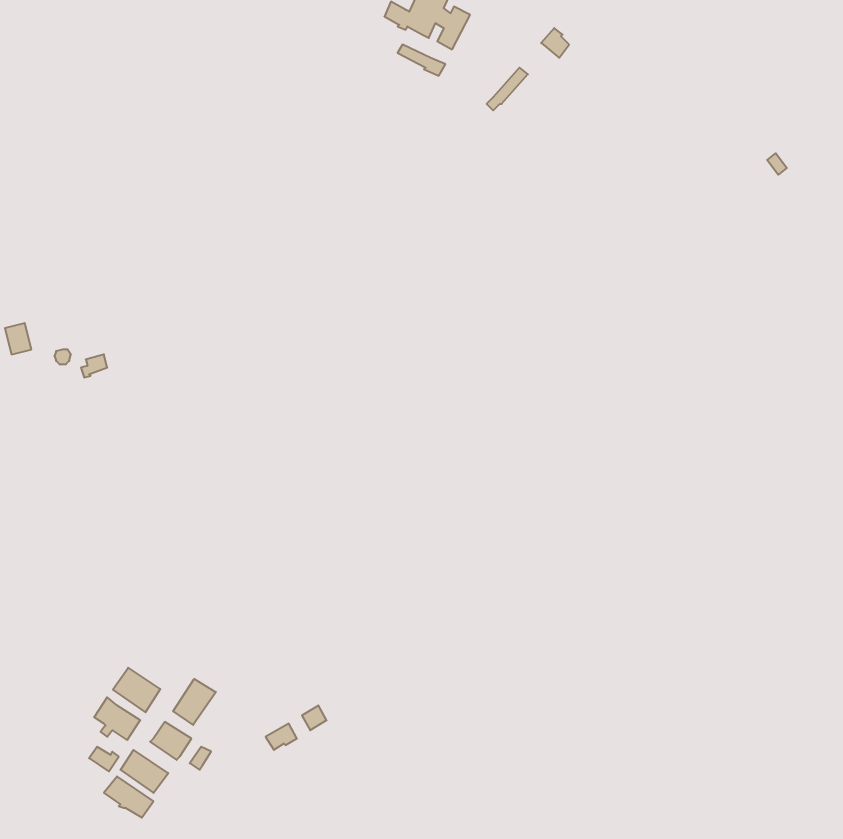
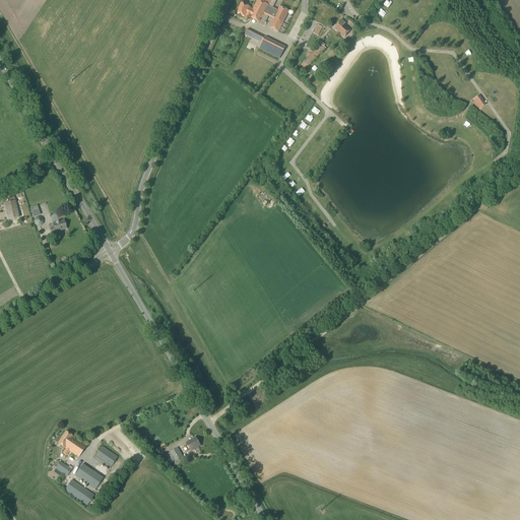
building: [113,668,160,712] -> none
building: [173,679,216,725] -> none

